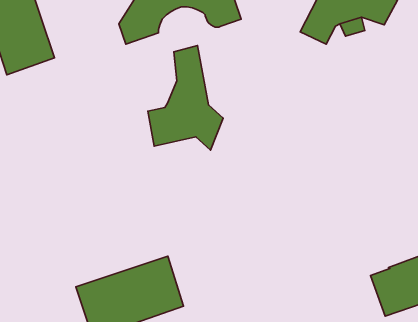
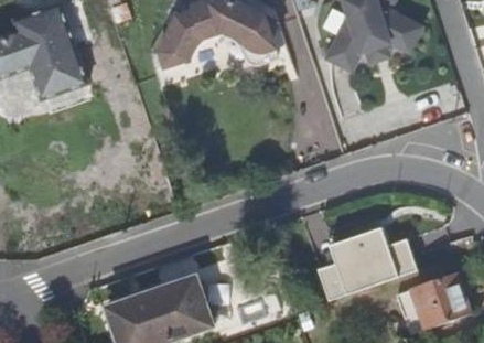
building: [148,46,223,150] -> none
building: none -> [320,225,420,299]

